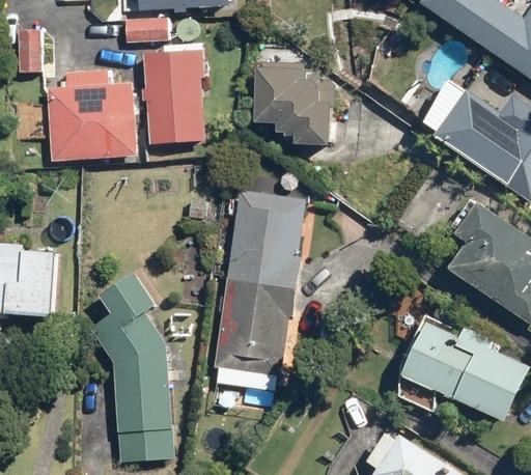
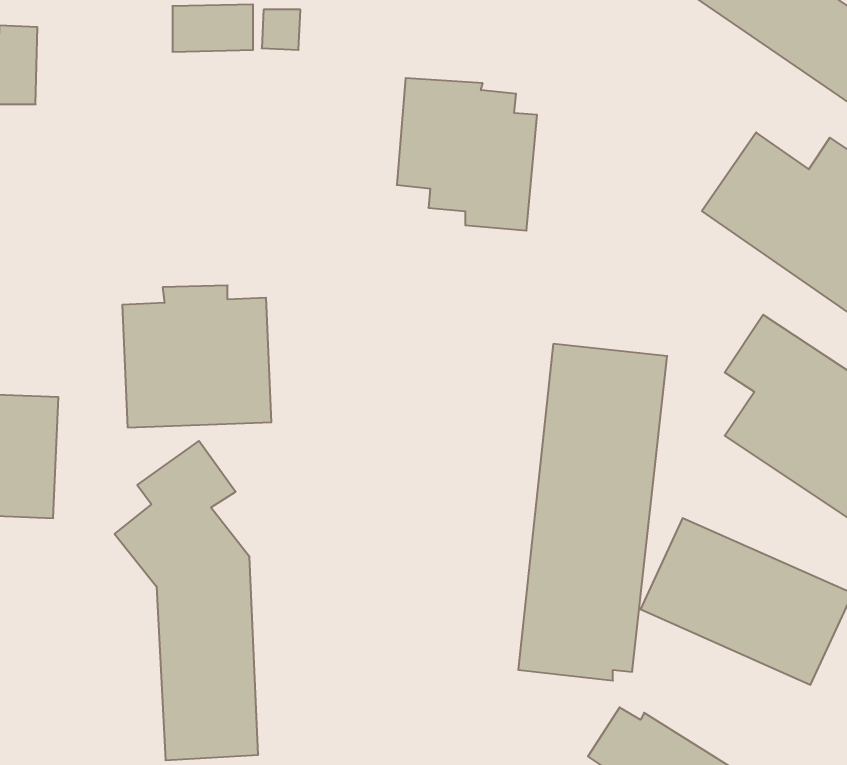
building: [143,44,206,142] -> none
building: [46,75,134,159] -> [122,285,271,427]
building: [217,191,305,390] -> [518,344,667,681]

